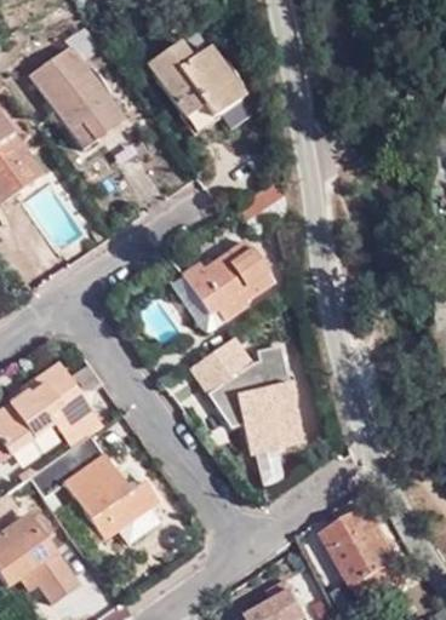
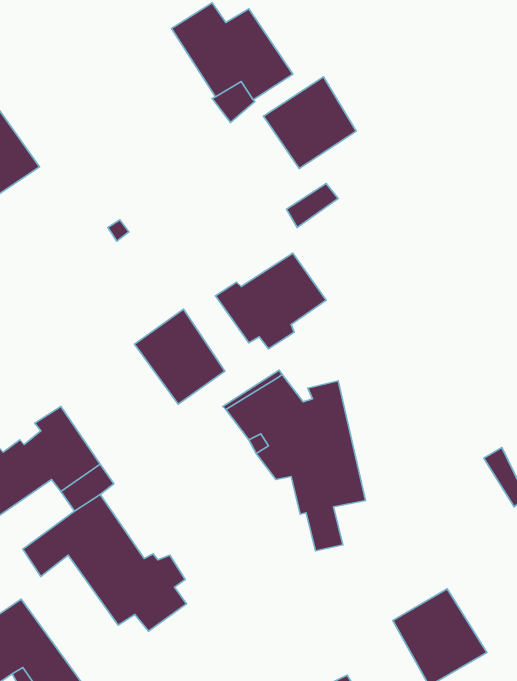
building: [32,48,120,145] -> none
building: none -> [263,77,356,168]
building: none -> [134,309,225,404]

